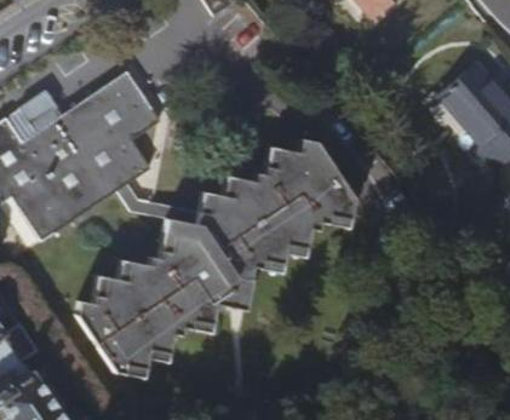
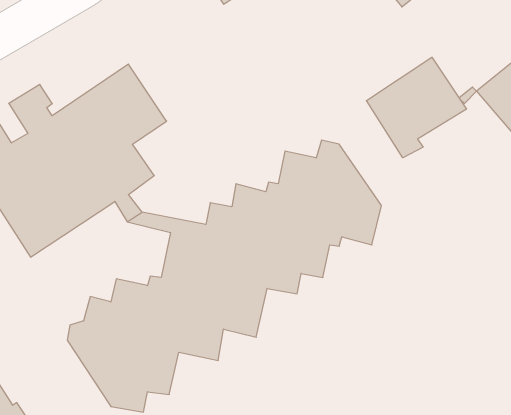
building: none -> [366,57,466,158]

